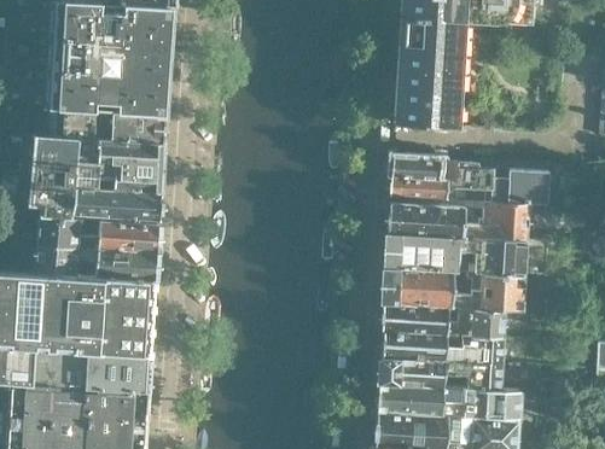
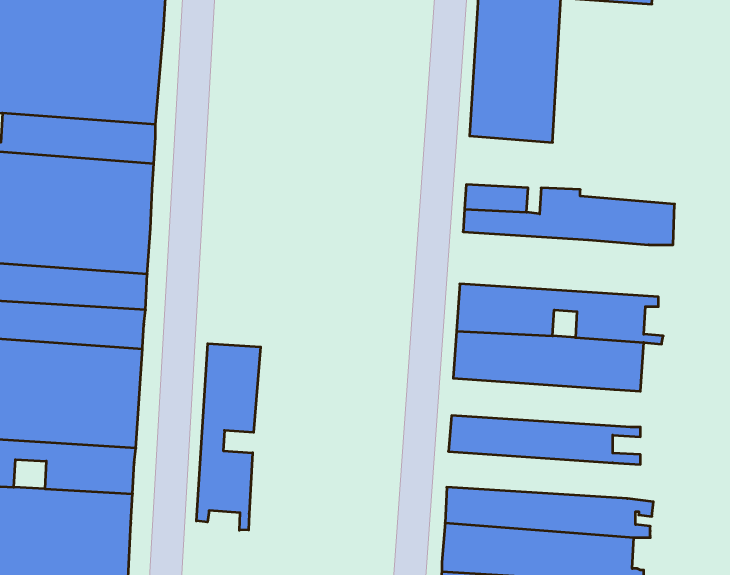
building: [390,198,543,240] -> none
building: none -> [196,344,261,530]
building: [384,301,517,337] -> none
building: [380,355,514,390] -> none

